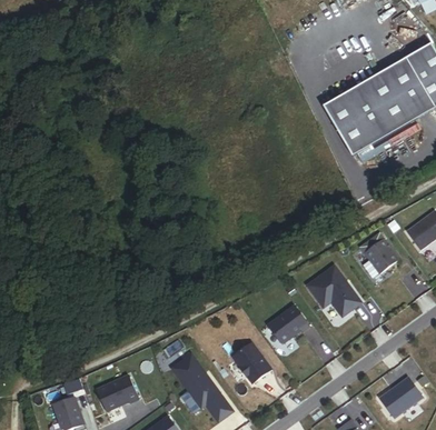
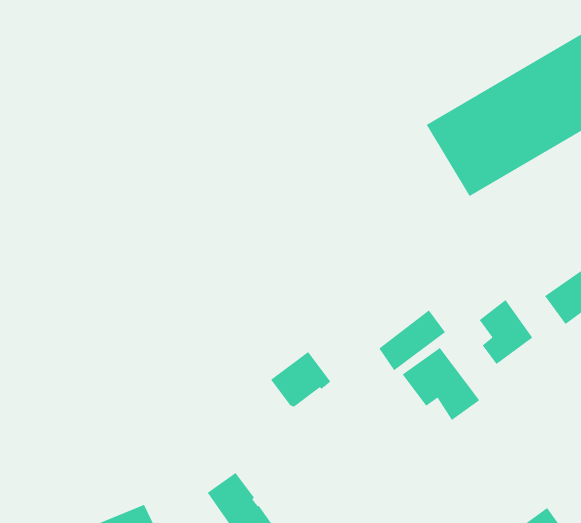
building: none -> [379,310,446,371]
building: [267,303,309,342] -> [270,351,331,407]
building: [232,340,271,381] -> none

